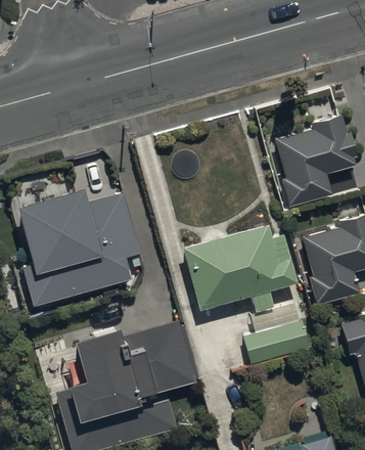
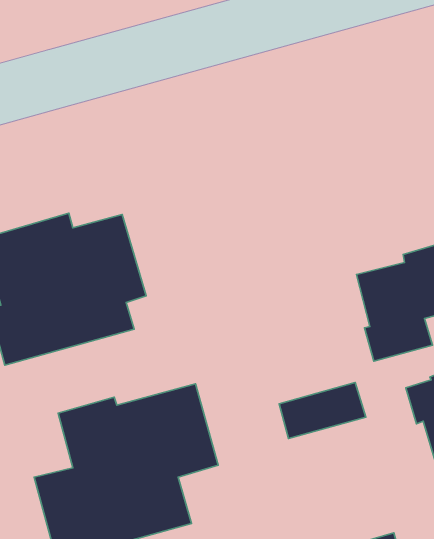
building: [274,117,358,206] -> none
building: [183,226,296,313] -> none

